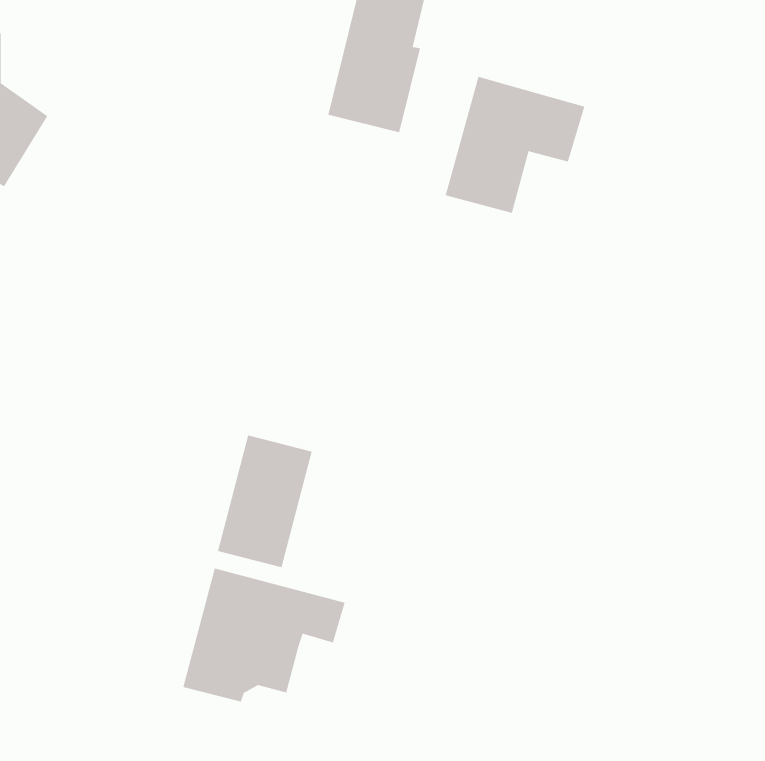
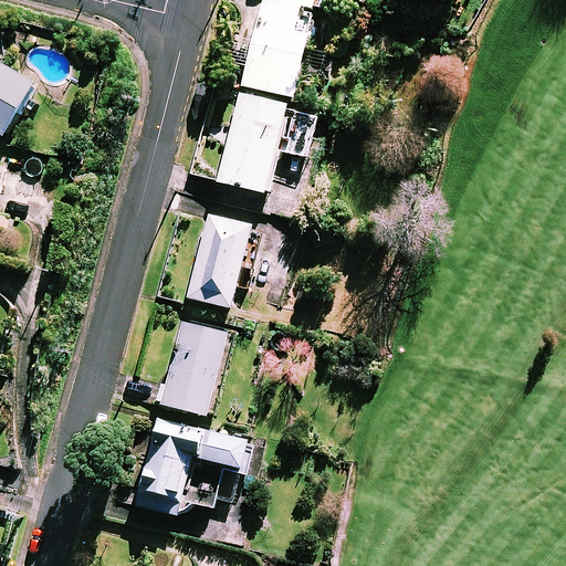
building: [445,76,585,214] -> [214,94,317,195]
building: none -> [186,214,260,307]

